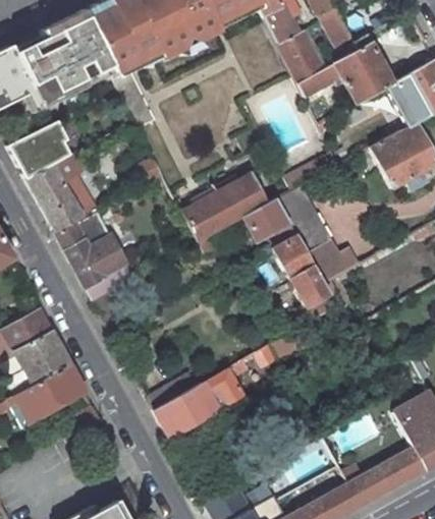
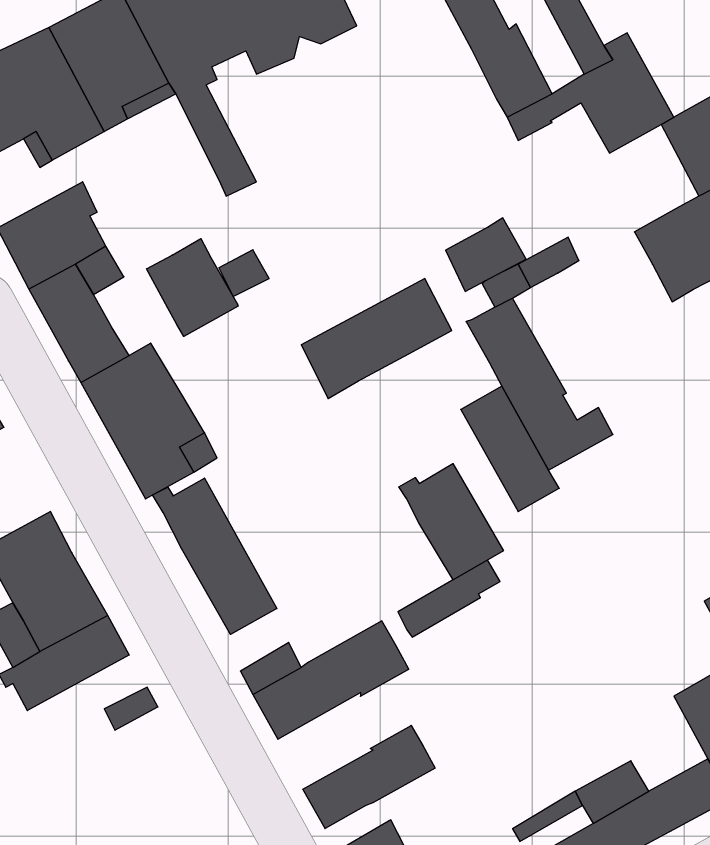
building: none -> [147,239,238,336]
building: [244,199,290,241] -> [446,218,526,291]
building: none -> [399,464,503,580]
building: none -> [153,478,277,634]
building: none -> [303,725,435,829]

